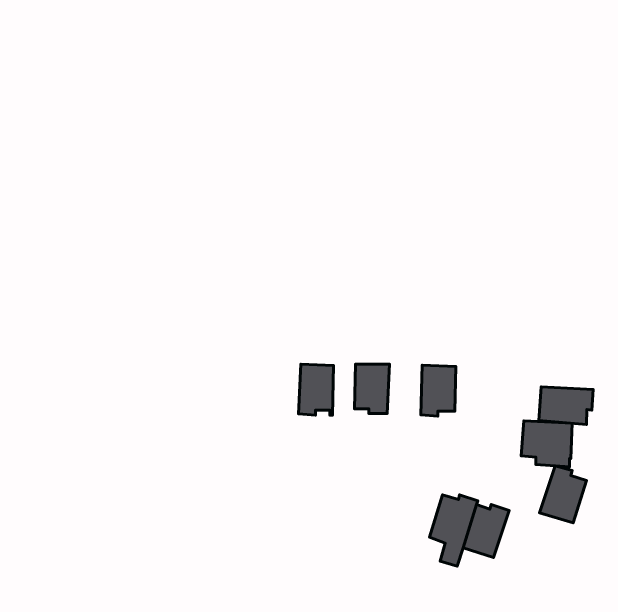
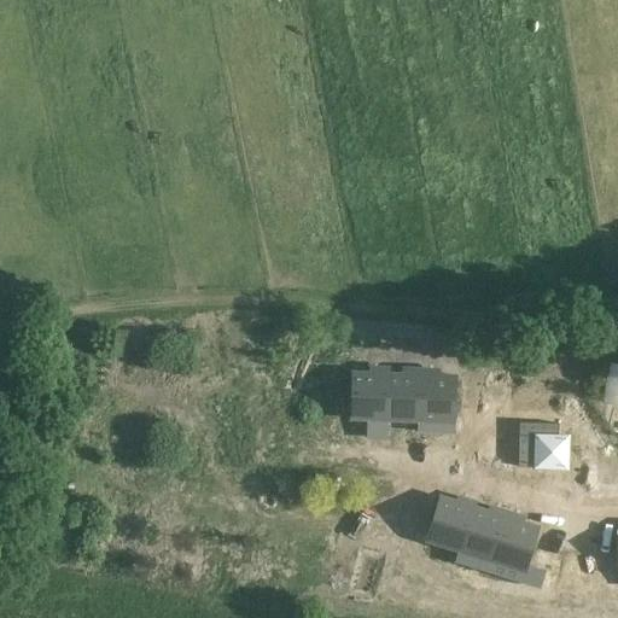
building: [298,364,334,415] -> [386,369,421,420]
building: [539,387,593,425] -> none
building: [539,466,587,523] -> [492,515,540,572]

